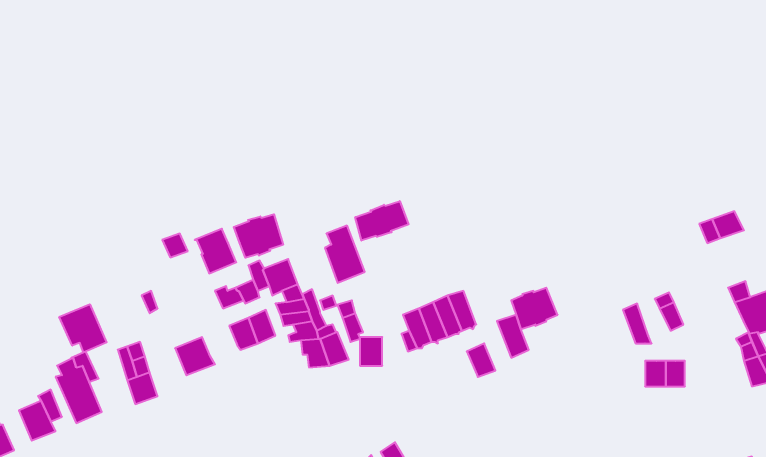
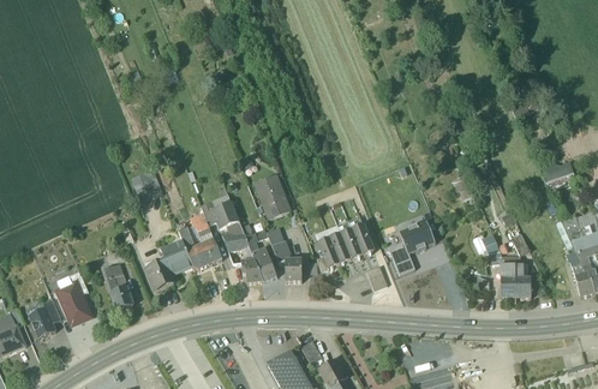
building: [355,201,409,241] -> none
building: [234,214,283,258] -> none
building: [195,229,236,273] -> [161,240,192,274]
building: [59,304,107,352] -> none

